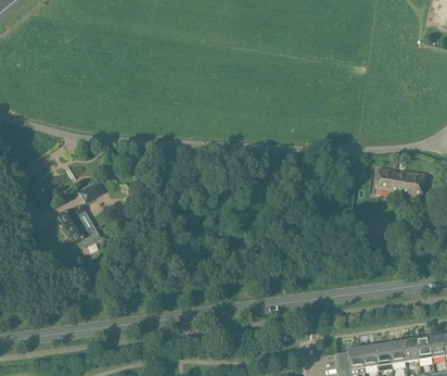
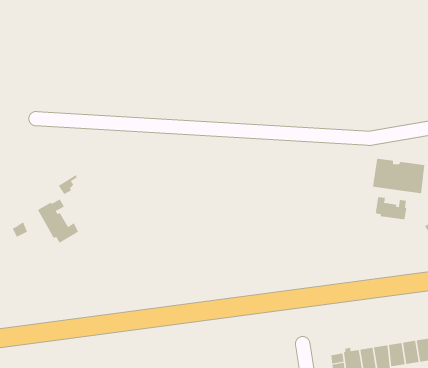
building: none -> [375,197,407,220]

